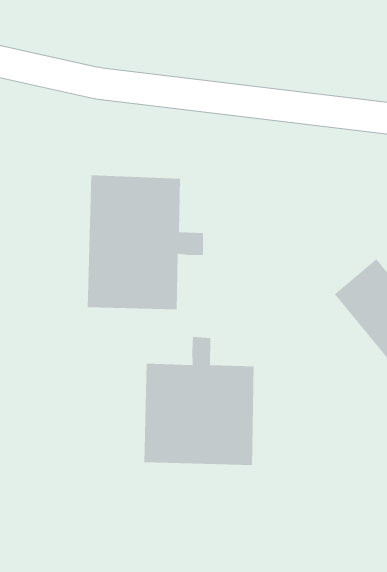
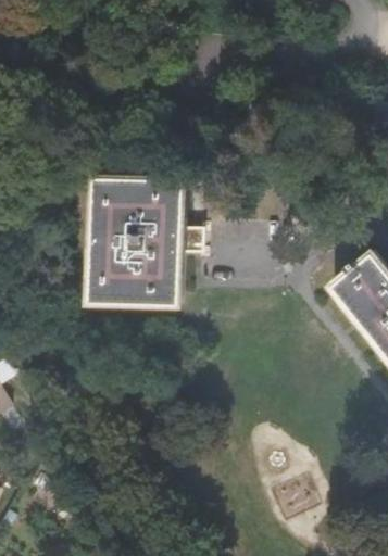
building: [143,336,255,466] -> none

